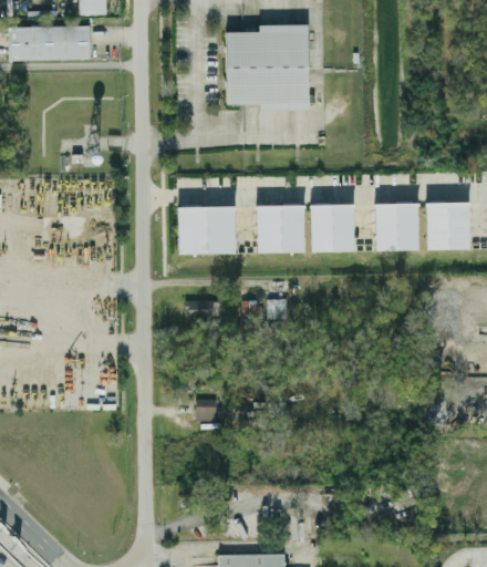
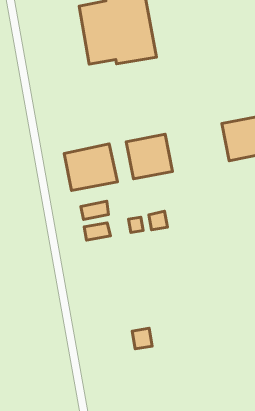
building: [310,204,354,251] -> none
building: none -> [81,201,109,220]
building: [195,399,216,421] -> [132,328,152,349]

